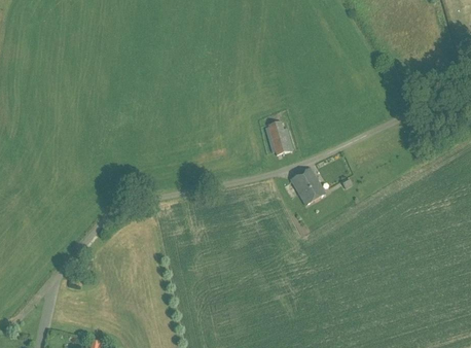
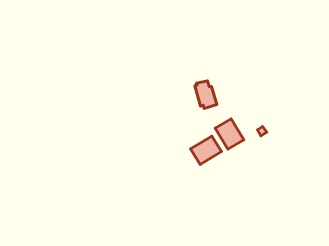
building: none -> [190,136,222,165]

